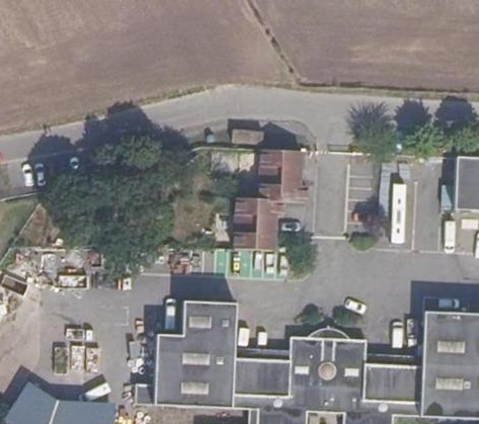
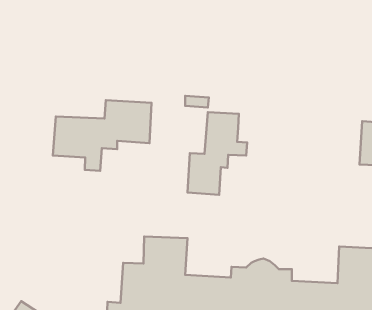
building: none -> [53,100,151,171]

